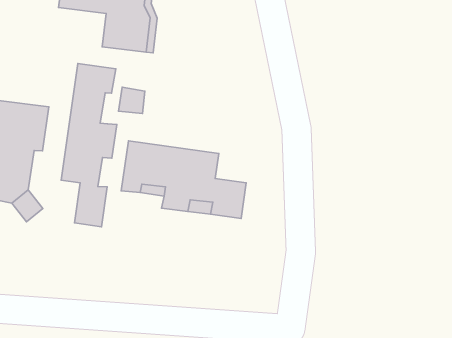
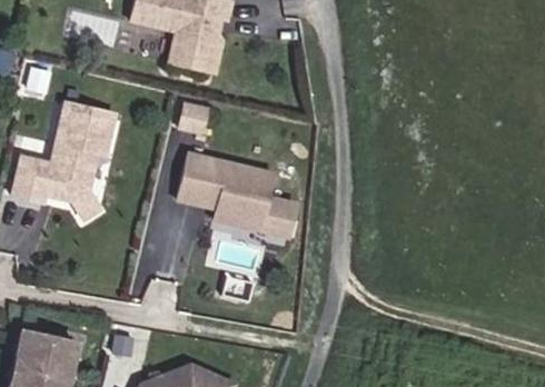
building: [61,64,117,227] -> none

